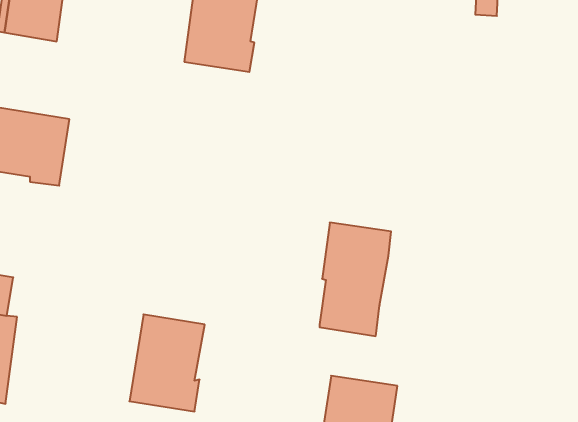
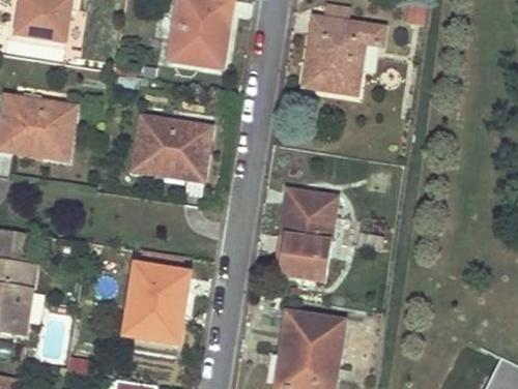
building: none -> [303,16,384,93]
building: none -> [133,115,210,177]

